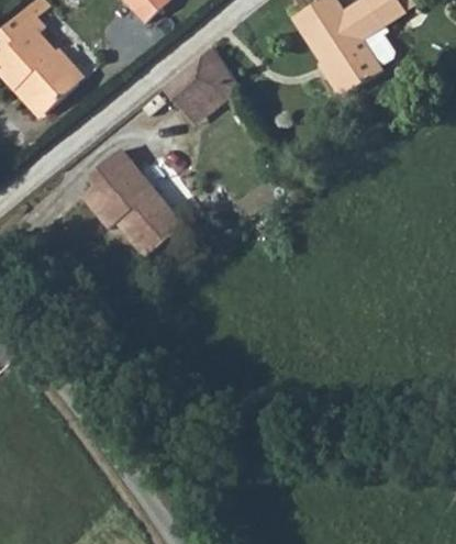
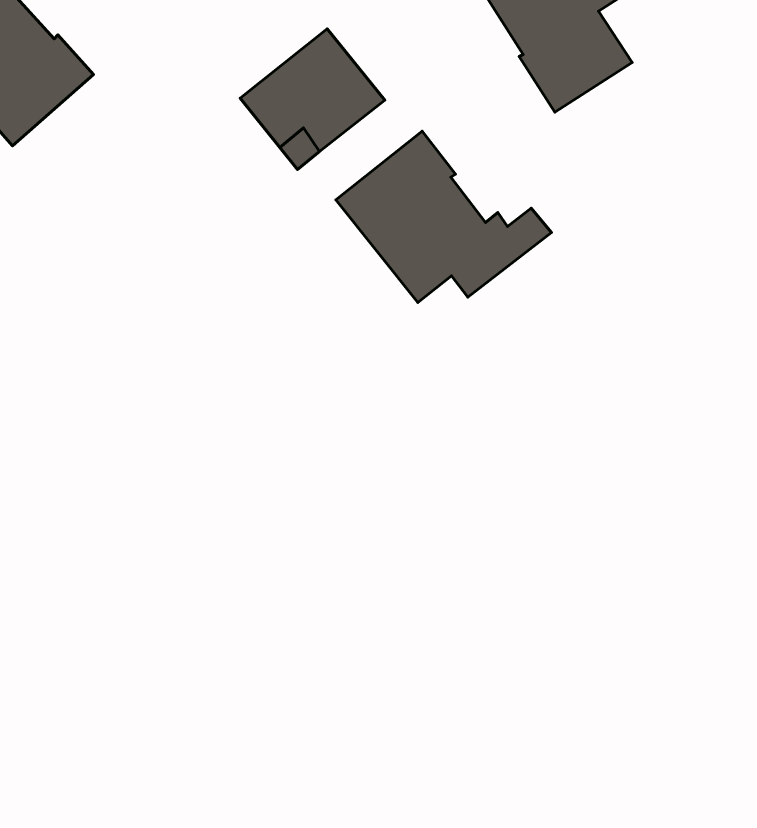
building: none -> [336,131,552,303]
building: [81,151,185,259] -> none

